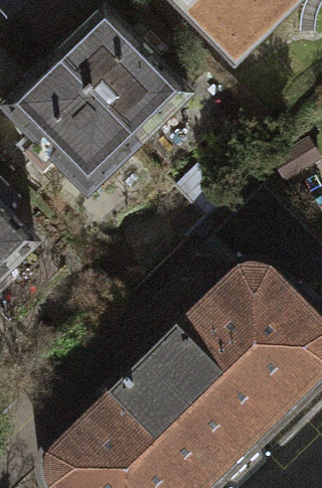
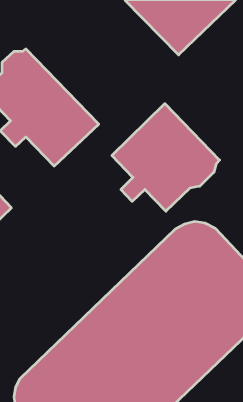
building: [54,8,191,147] -> none
building: none -> [112,104,220,211]

